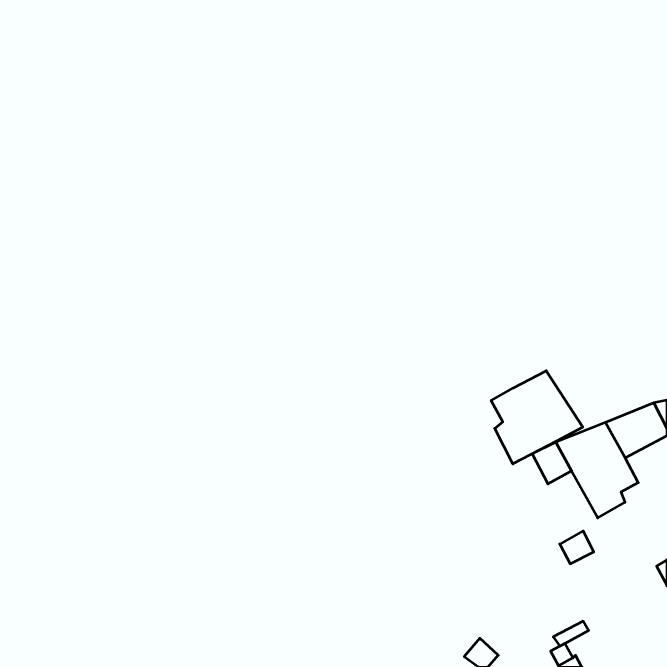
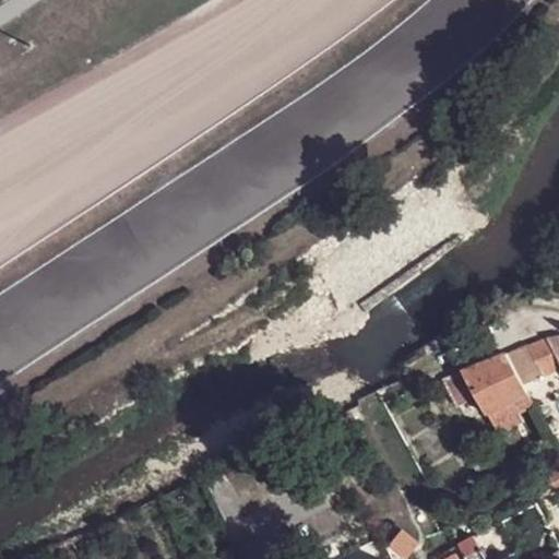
building: [491,371,583,464] -> none

